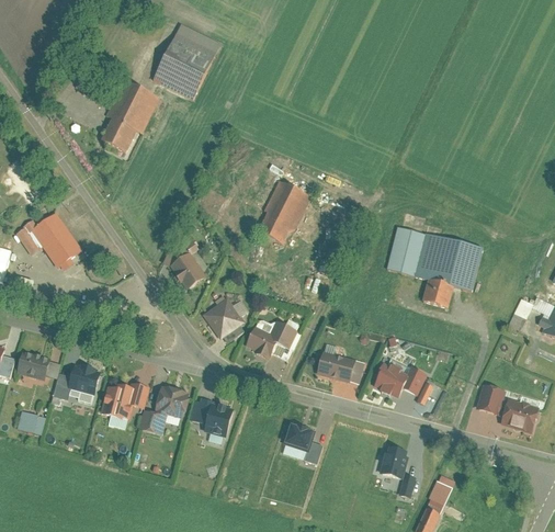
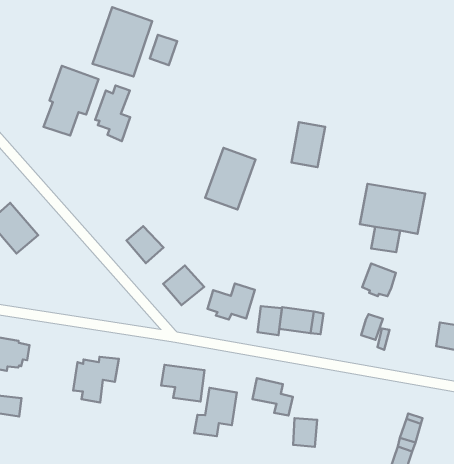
building: none -> [150,35,177,65]
building: none -> [95,86,130,141]
building: [385,226,423,274] -> [291,122,325,167]
building: none -> [258,306,282,335]
building: [371,361,407,396] -> [362,264,396,296]
building: [53,365,99,398] -> none
building: [138,384,186,434] -> [194,388,237,436]
building: [382,450,409,482] -> [293,418,317,447]

